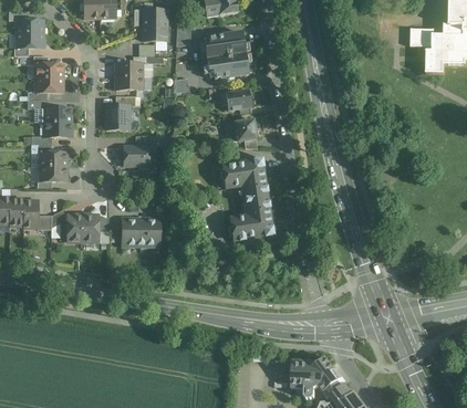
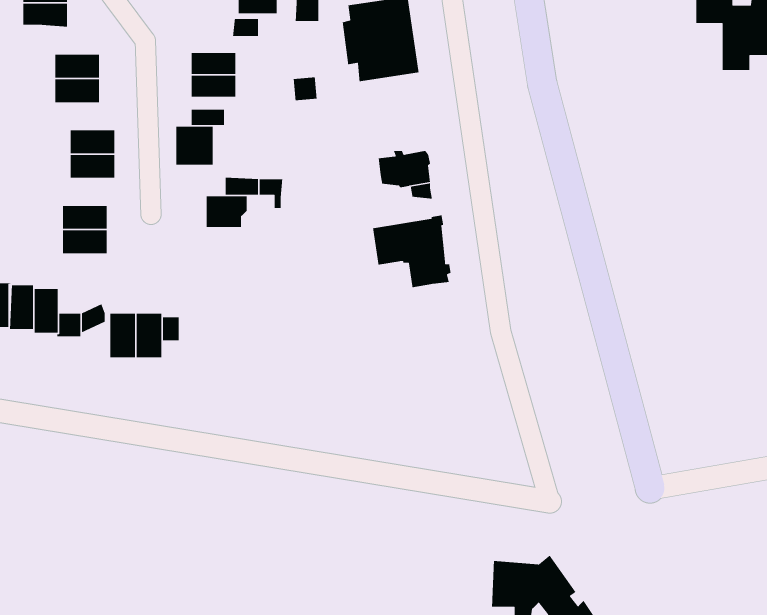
building: [220,88,251,109] -> none
building: [229,197,274,241] -> none
building: [122,216,159,245] -> none

